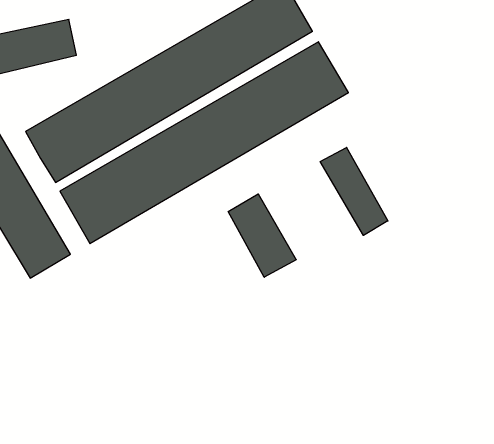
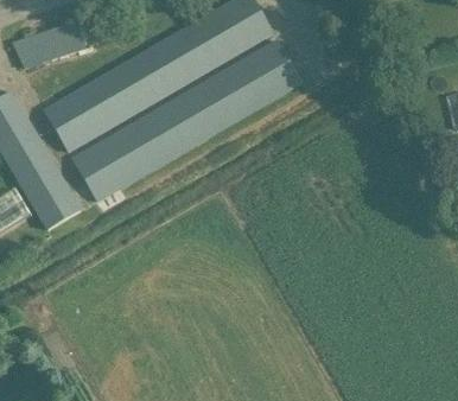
building: [320,147,388,235] -> none
building: [228,194,296,277] -> none

